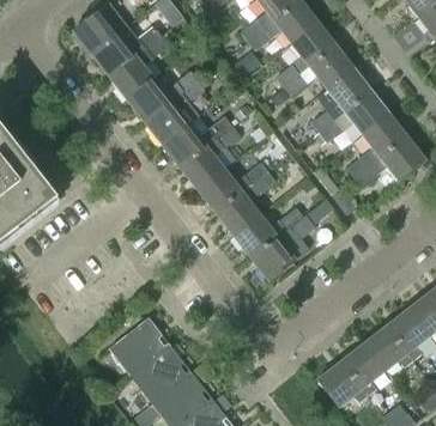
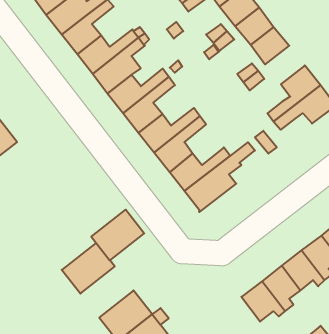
building: [344,90,389,134] -> none
building: [131,345,192,403] -> [91,210,144,260]

